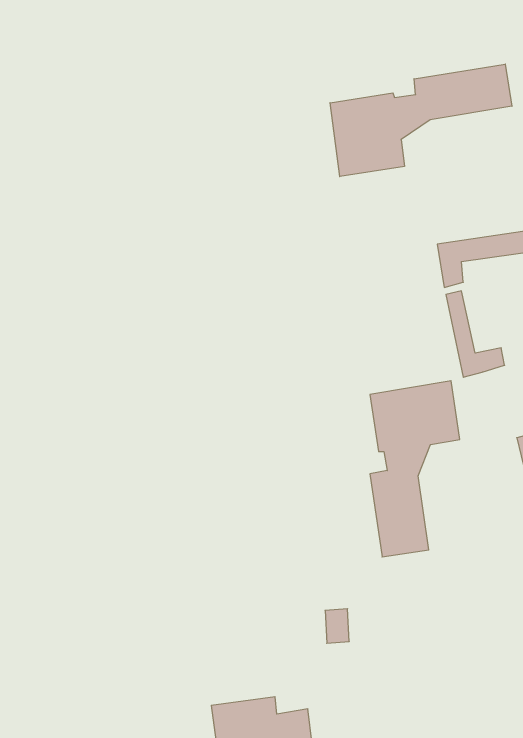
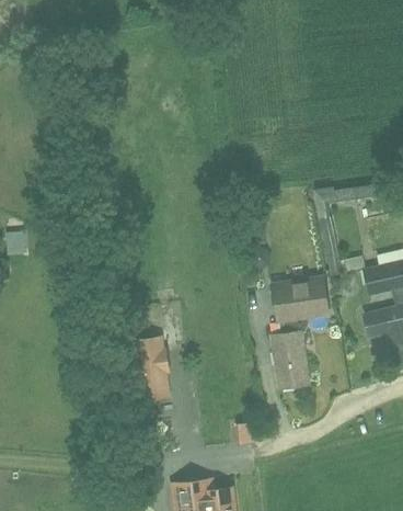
building: [330,64,512,177] -> none
building: none -> [135,336,170,400]

